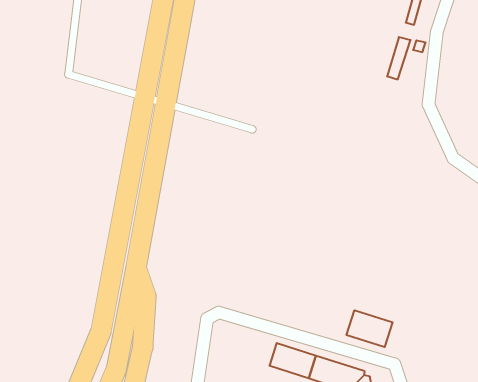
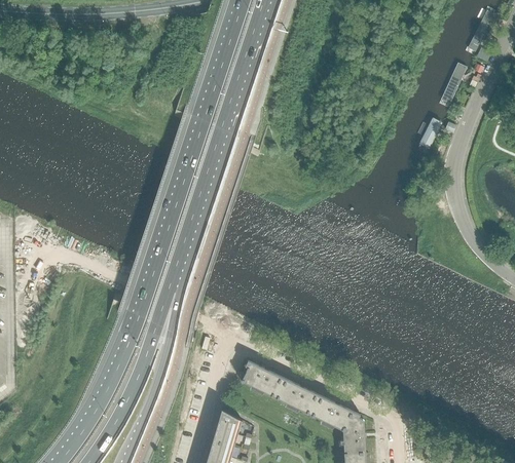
building: [346,310,393,347] -> none
building: none -> [241,360,284,397]

